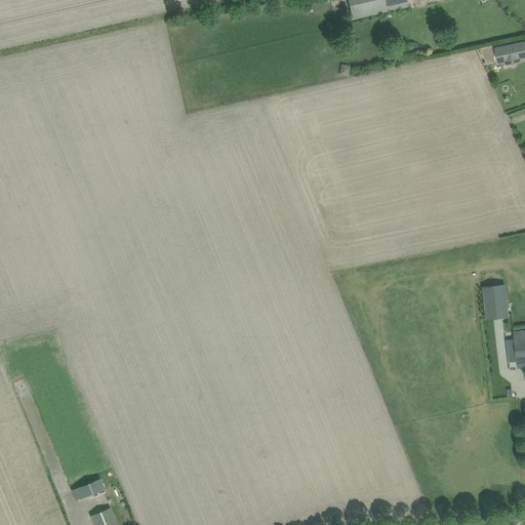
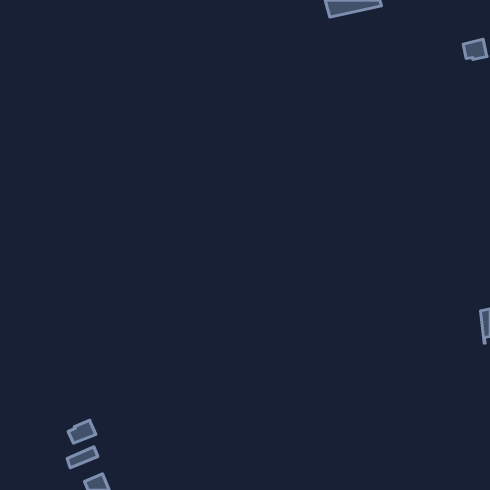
building: [482,283,510,319] -> none
building: none -> [68,420,96,443]

